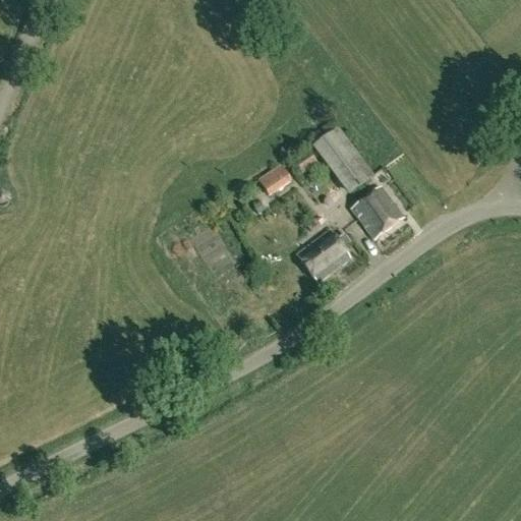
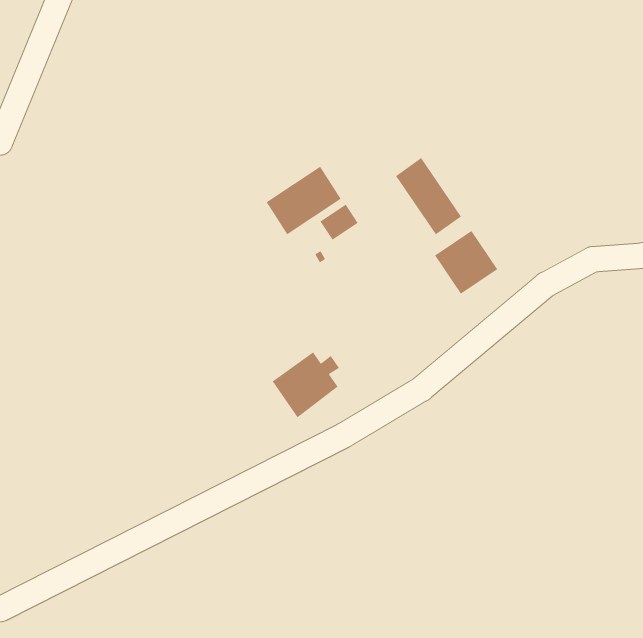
building: none -> [266,166,341,235]
building: [296,230,351,284] -> [272,351,340,418]

